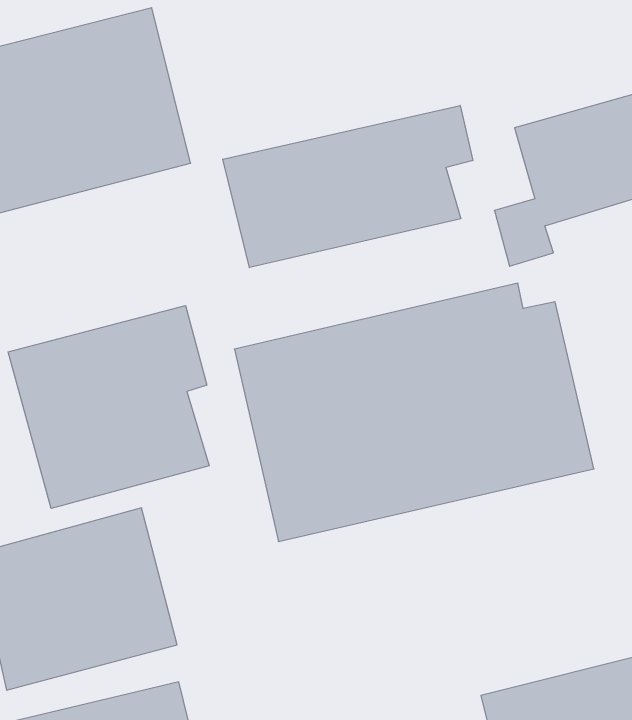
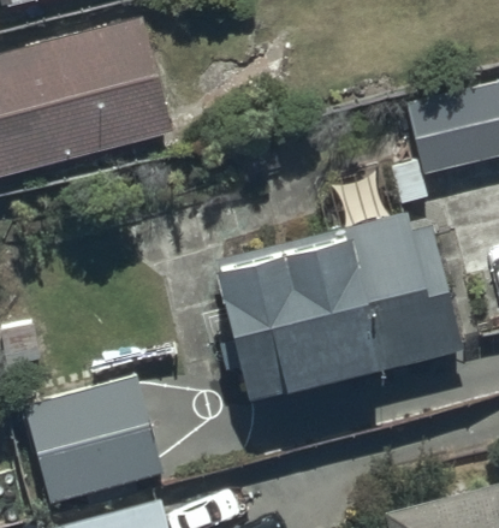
building: [223,105,473,268] -> none
building: [8,306,209,508] -> none

